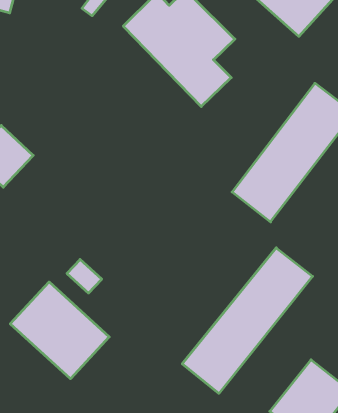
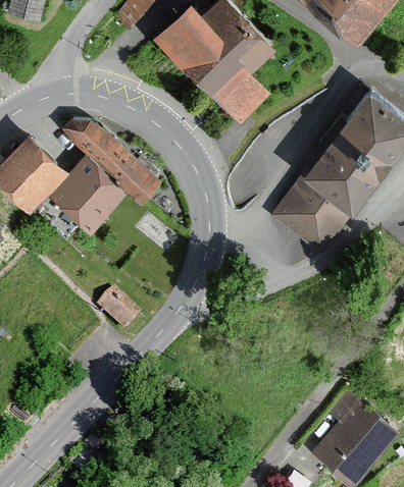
building: none -> [54,120,155,226]
building: [182,248,313,393] -> none
building: [10,282,109,379] -> none

